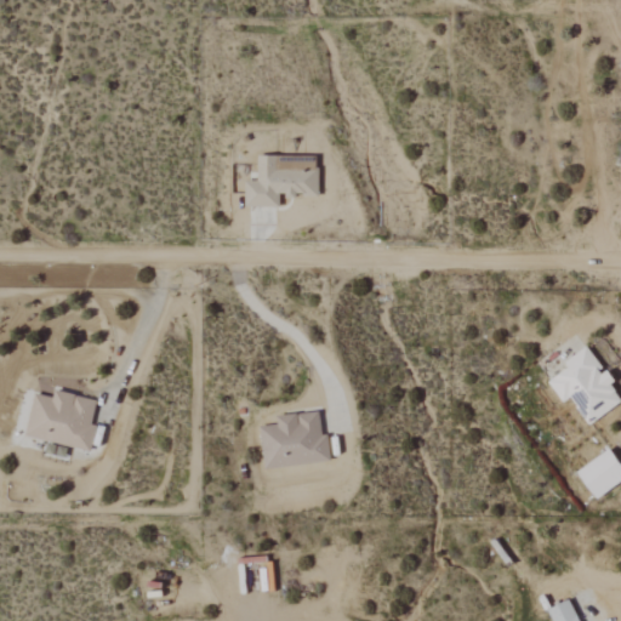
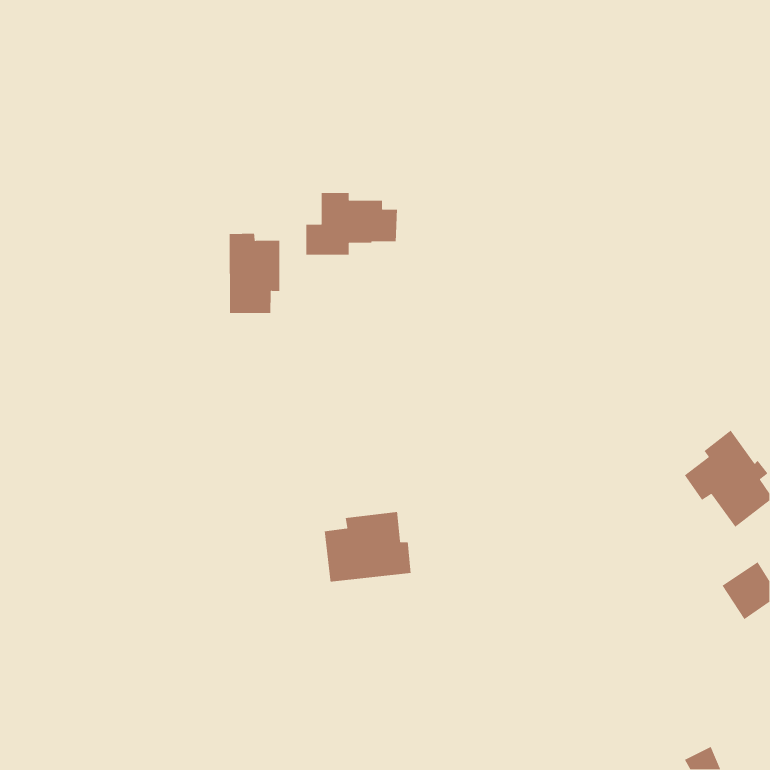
building: none -> [229,233,280,314]
building: [25,389,96,449] -> none

